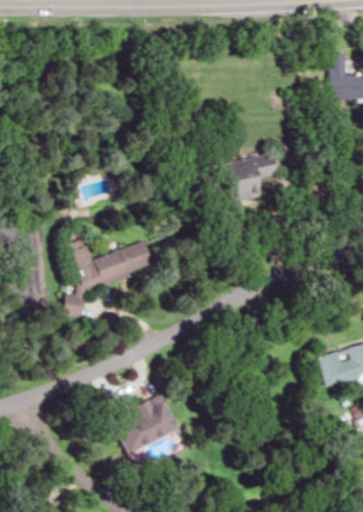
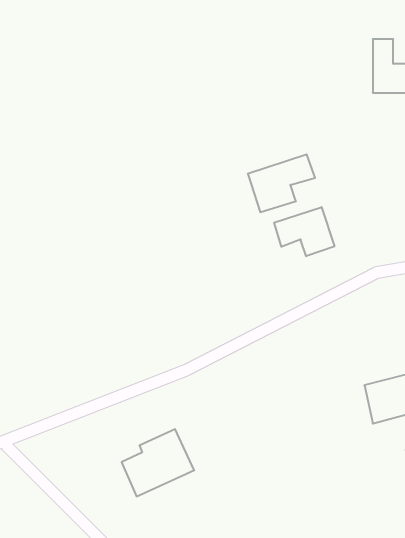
building: none -> [274,207,334,256]
building: [62,242,153,316] -> none

